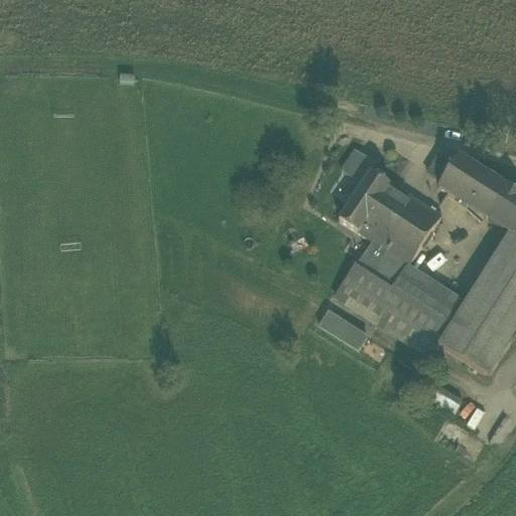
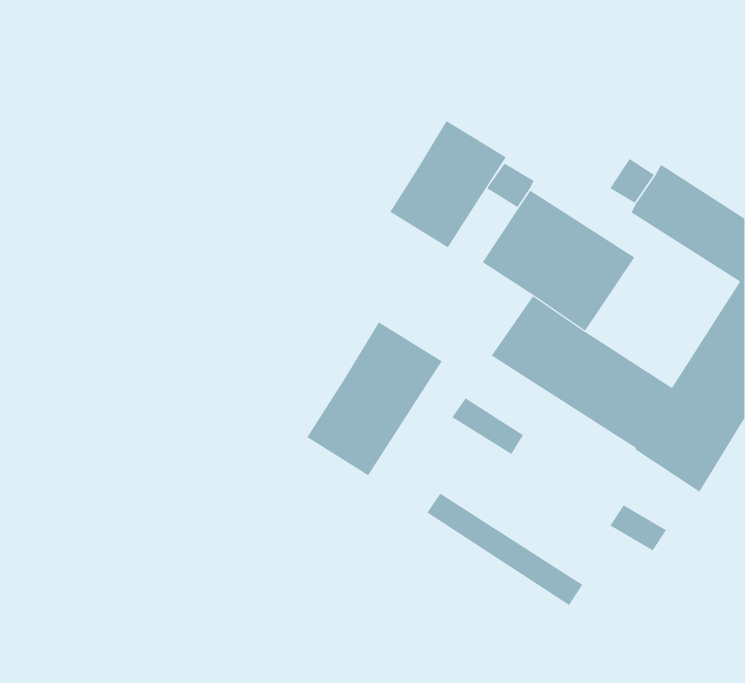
building: none -> [390,120,506,248]
building: none -> [306,322,442,476]
building: [336,280,440,356] -> [426,493,583,606]

